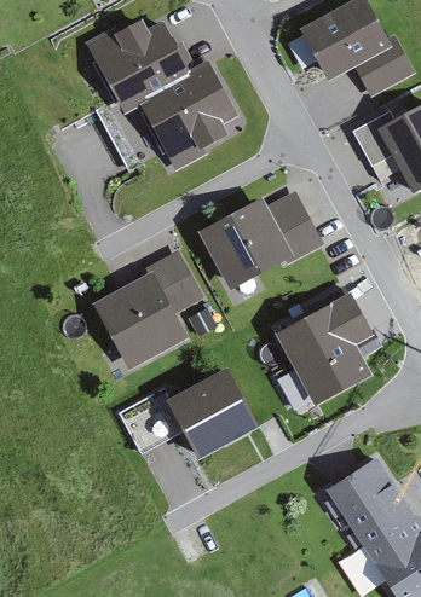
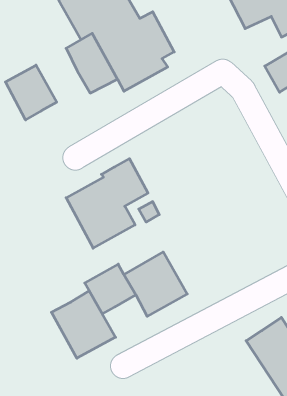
building: none -> [5,65,57,120]
building: [200,190,321,288] -> none
building: [276,292,370,402] -> none
building: none -> [51,291,116,358]

